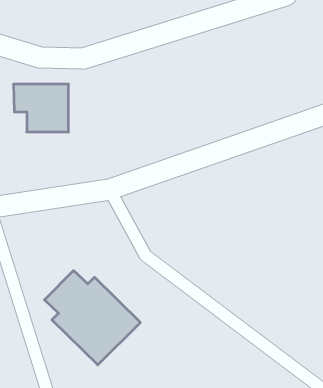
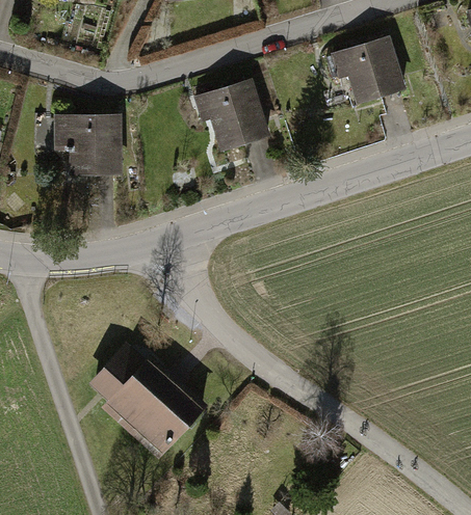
building: none -> [329,37,403,105]
building: none -> [201,78,268,151]

